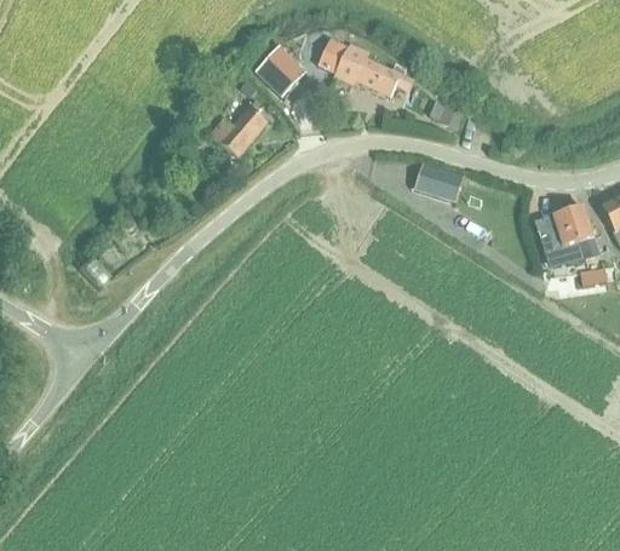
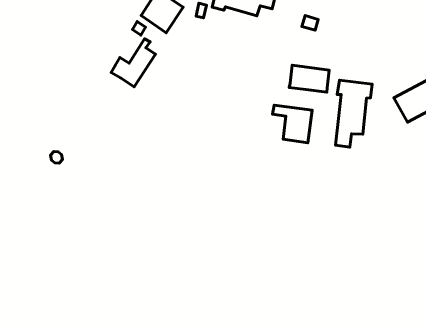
building: none -> [335,80,372,147]
building: none -> [273,105,312,143]

